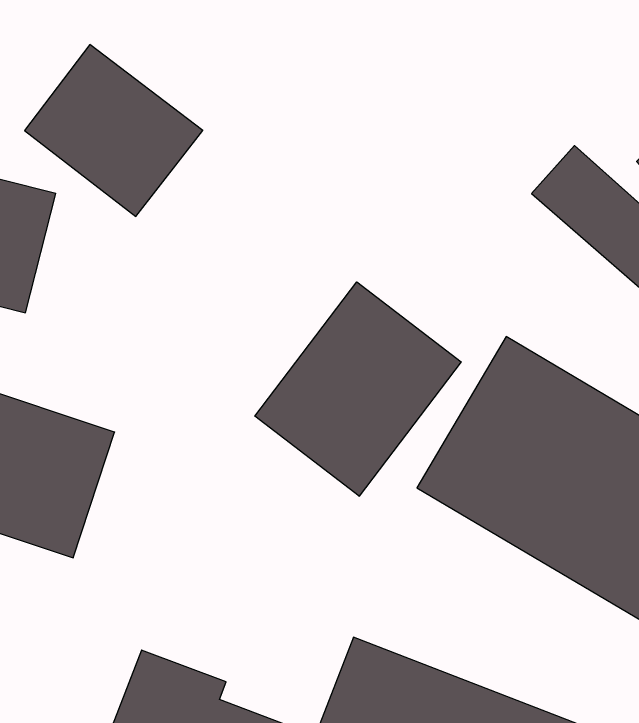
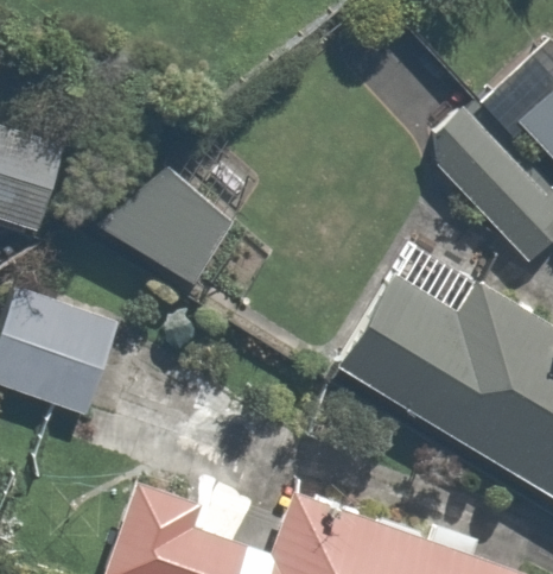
building: [25,45,203,216] -> [101,163,234,291]
building: [255,282,461,496] -> none

